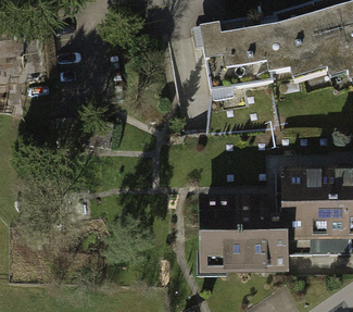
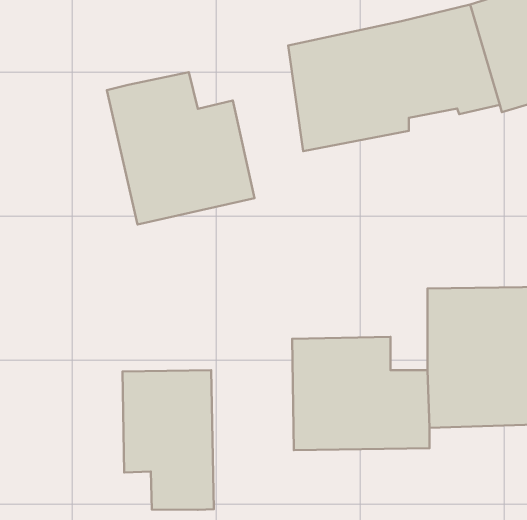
building: none -> [107,72,255,224]
building: none -> [123,370,214,510]

